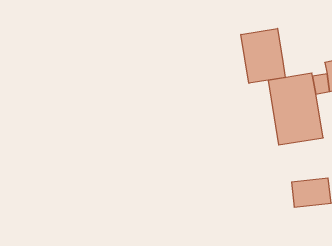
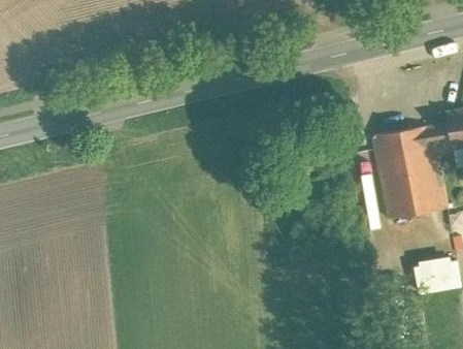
building: [241,28,285,83] -> none

